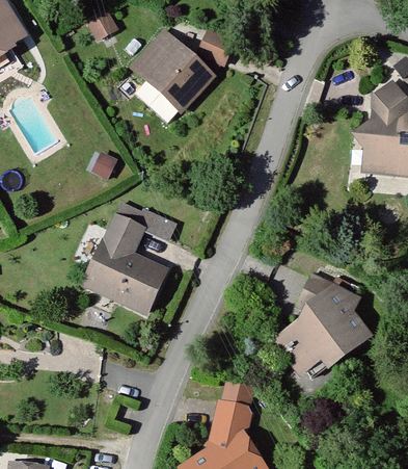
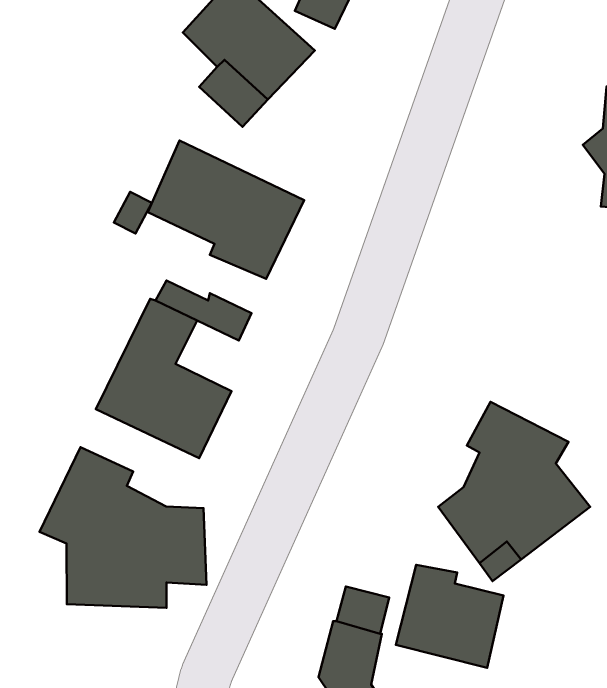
building: none -> [148,141,304,279]
building: none -> [39,447,206,608]
building: none -> [396,565,504,668]

